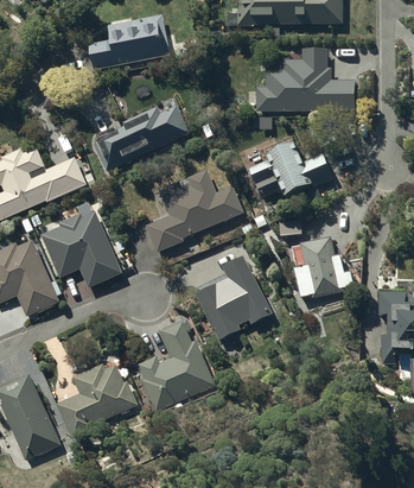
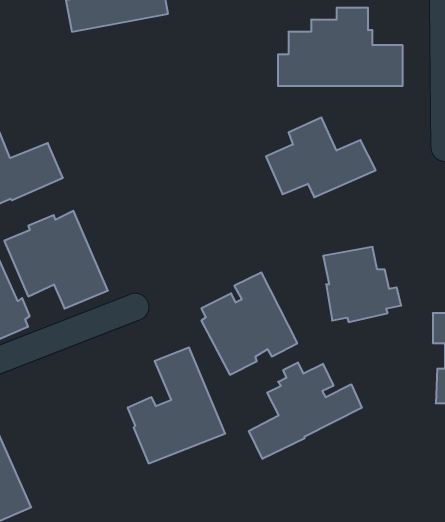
building: [93,104,189,171] -> none
building: [145,170,244,252] -> none
building: none -> [249,362,362,459]
building: [56,359,135,437] -> none

